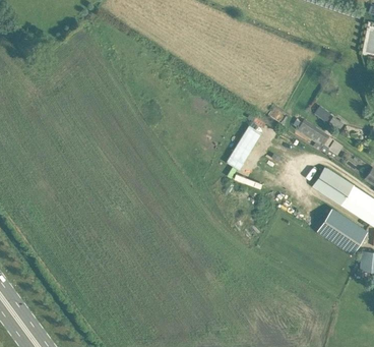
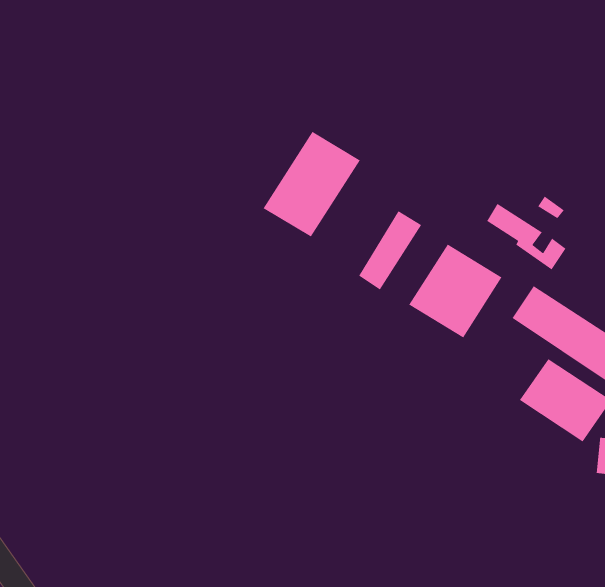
building: none -> [263,131,361,238]
building: none -> [408,244,503,339]

